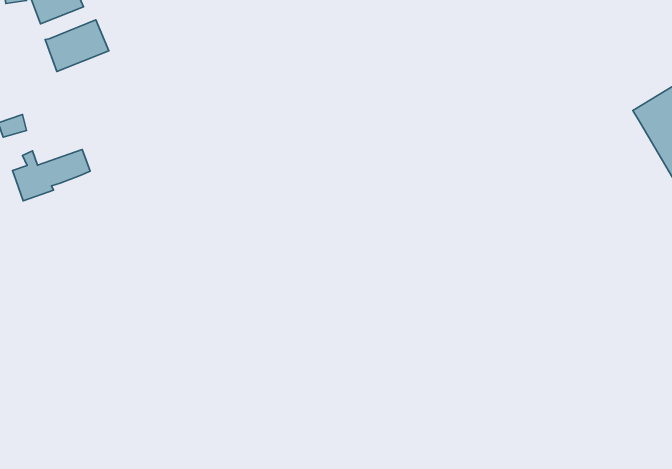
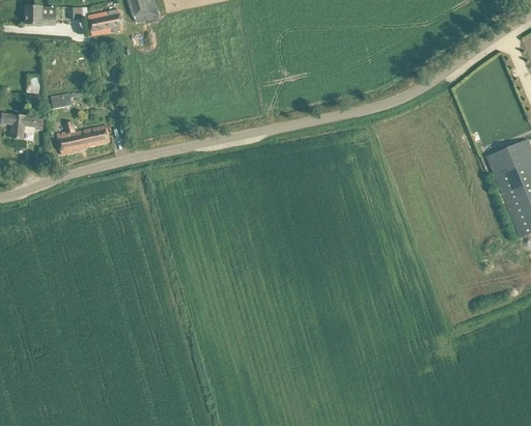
building: [45,20,109,72] -> none

